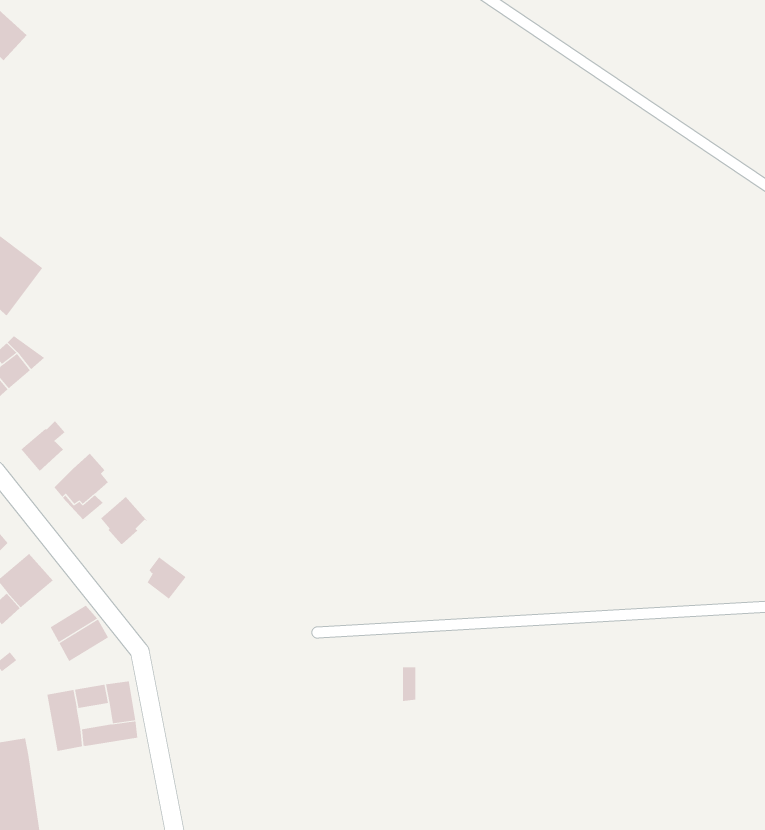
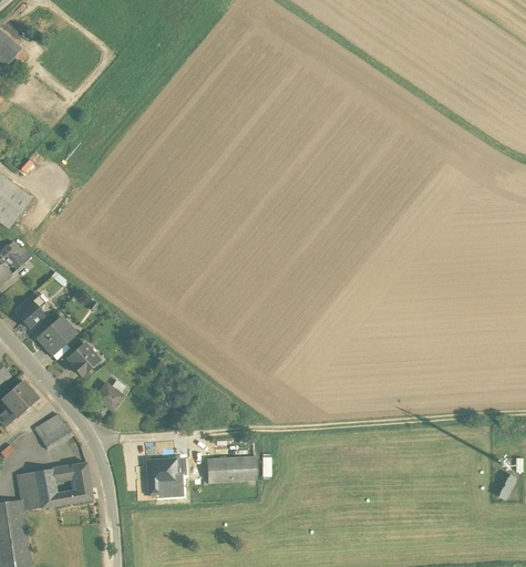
building: none -> [207,455,257,482]
building: none -> [146,458,177,494]
building: none -> [17,471,40,509]

